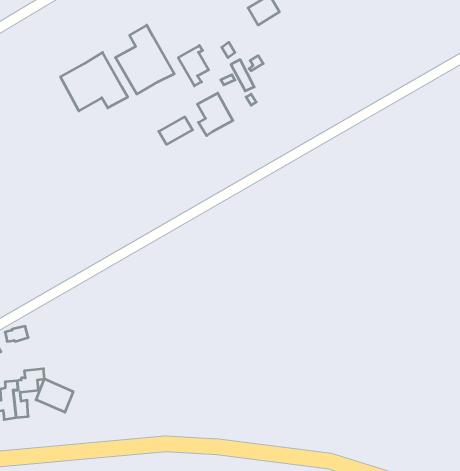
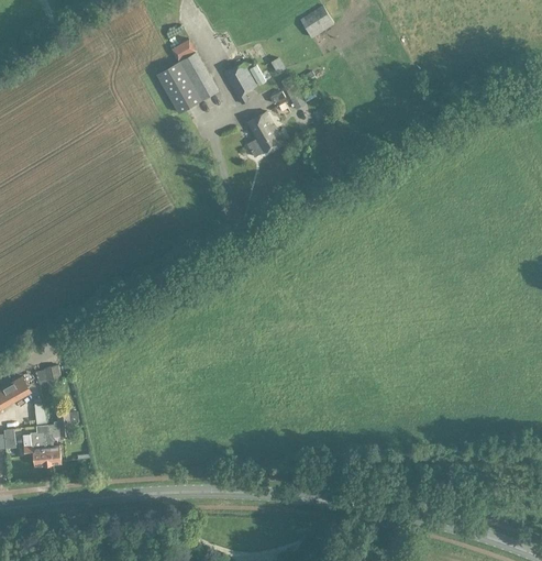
building: [61,52,128,111] -> none
building: [159,117,193,144] -> none
building: [36,379,73,412] -> none

